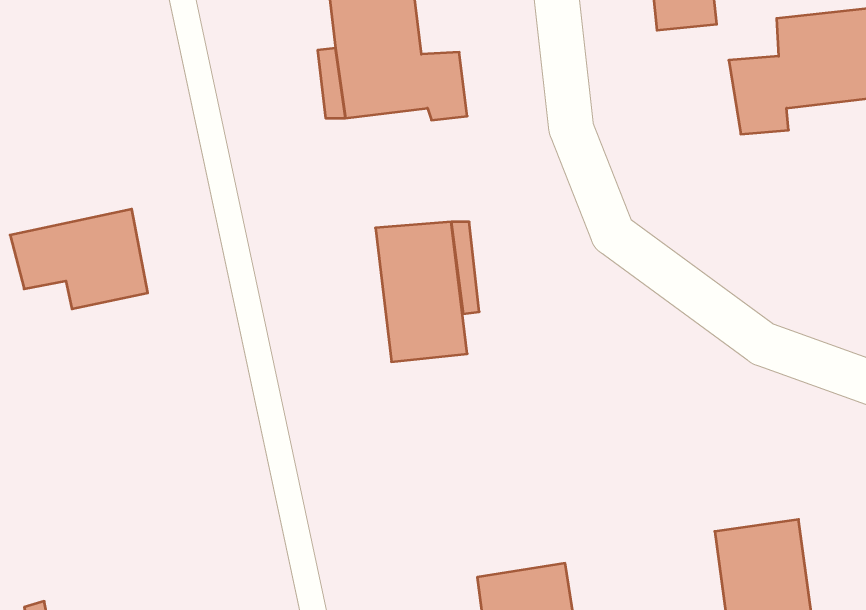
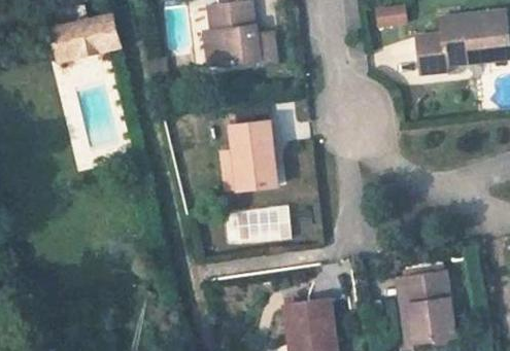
building: [10,209,148,309] -> [48,17,120,69]
building: none -> [223,204,288,238]

